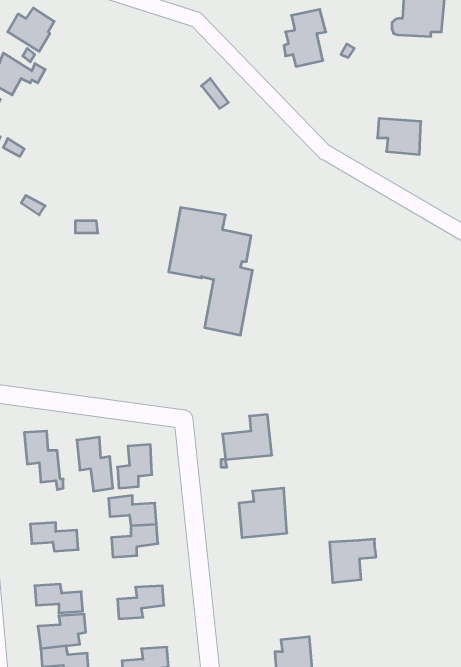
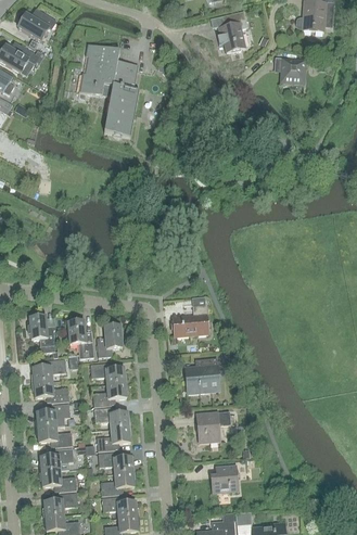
building: [377,118,421,154] -> [273,56,305,82]
building: [169,207,253,335] -> [78,43,139,136]
building: none -> [31,358,66,382]
building: [330,539,376,583] -> [196,410,230,442]
building: none -> [36,403,69,426]
building: none -> [93,406,129,428]
building: none -> [98,450,132,472]

